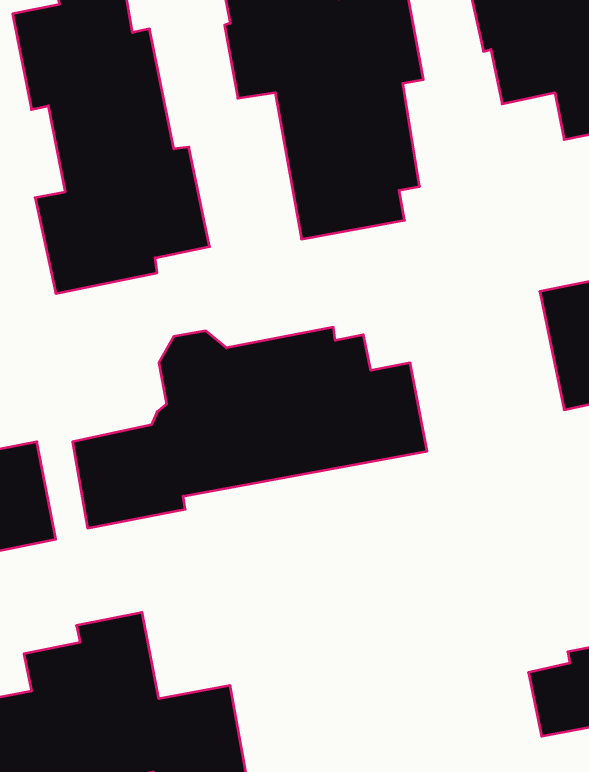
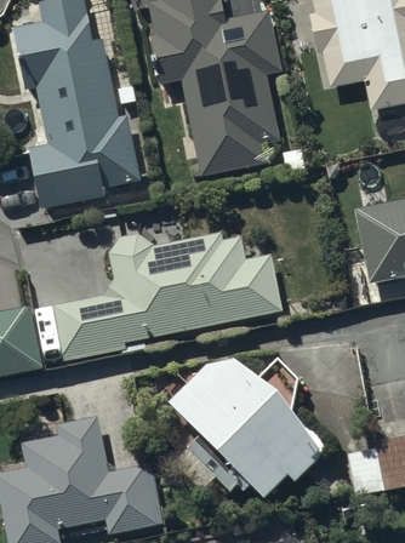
building: none -> [170,354,330,495]

